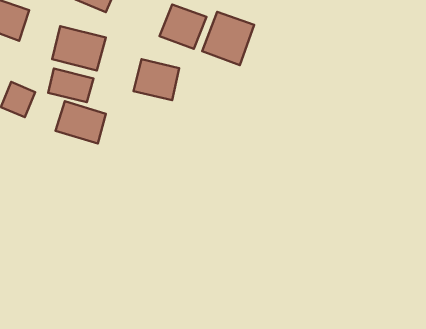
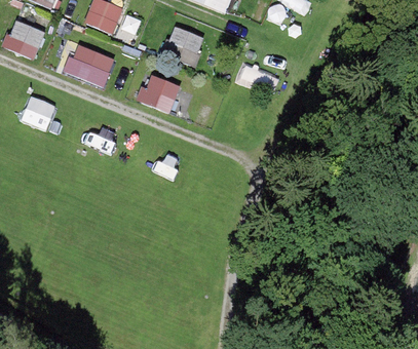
building: [202,12,254,65] -> none
building: [48,68,94,102] -> none

